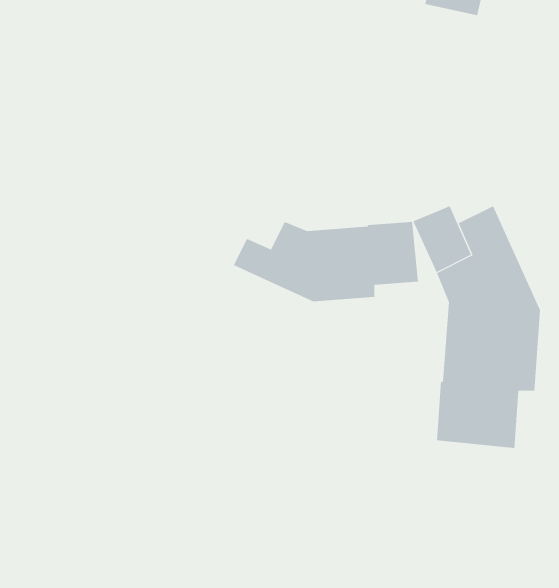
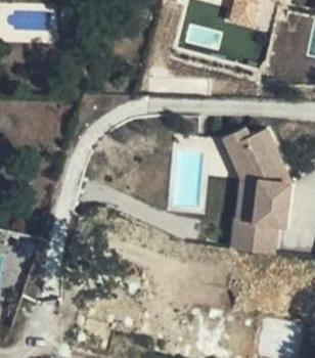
building: [233,221,419,302] -> none

